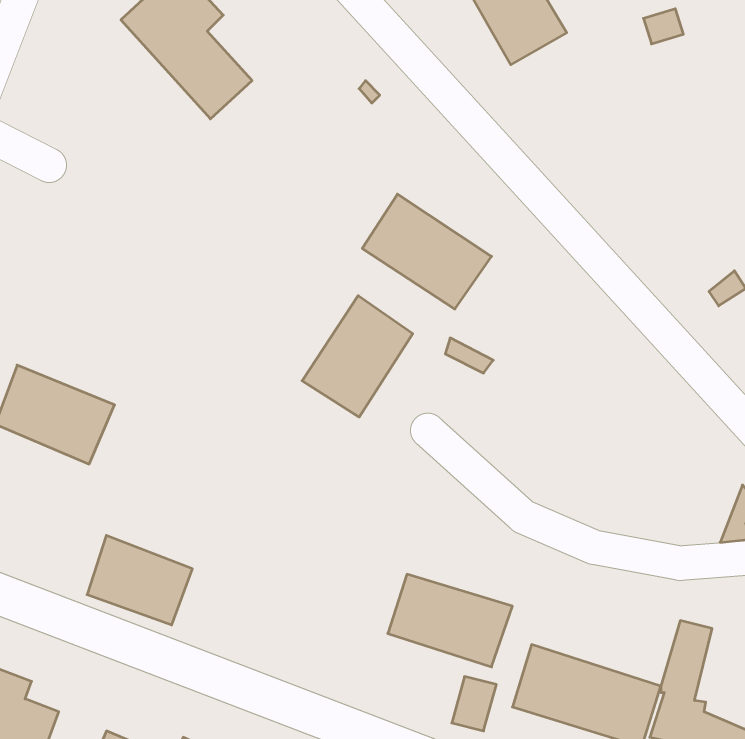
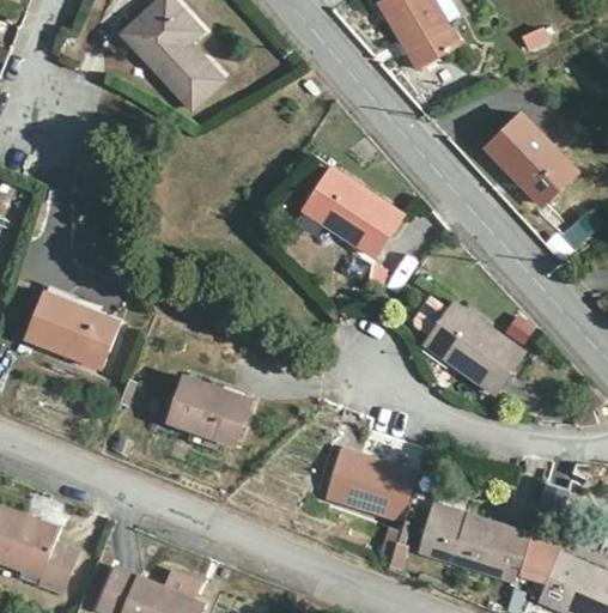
building: none -> [486,115,573,202]
building: [302,296,413,417] -> none
building: none -> [425,303,522,392]
building: [87,535,192,625] -> [169,376,248,443]

